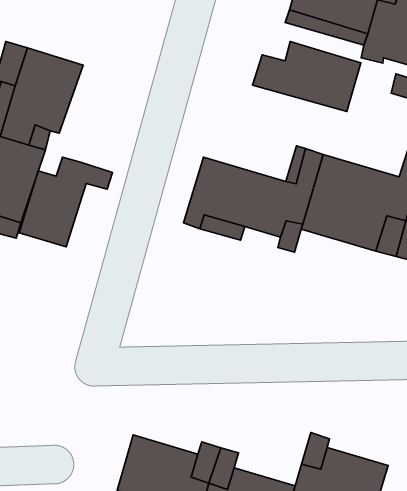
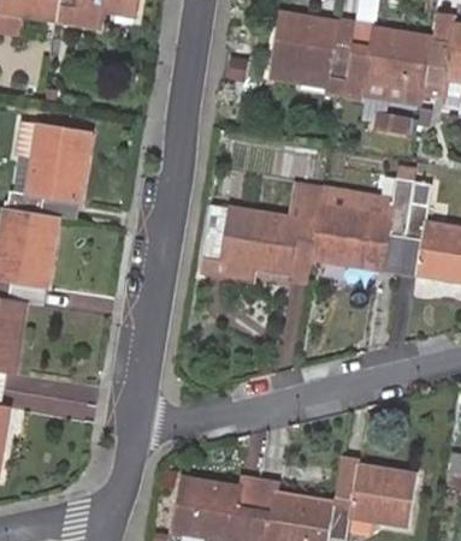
building: [253,42,361,111] -> none
building: [19,157,113,247] -> none

